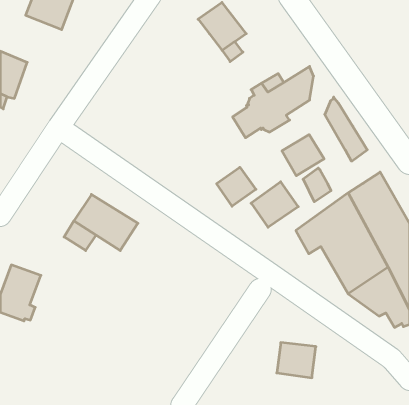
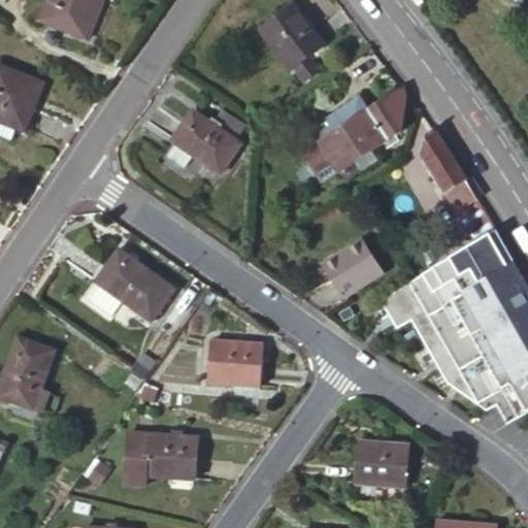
building: none -> [168,113,238,172]
building: [282,135,324,176] -> none
building: [217,167,256,206] -> none
building: [303,168,331,202] -> [454,193,490,236]
building: none -> [211,340,267,386]
building: none -> [128,433,202,489]

